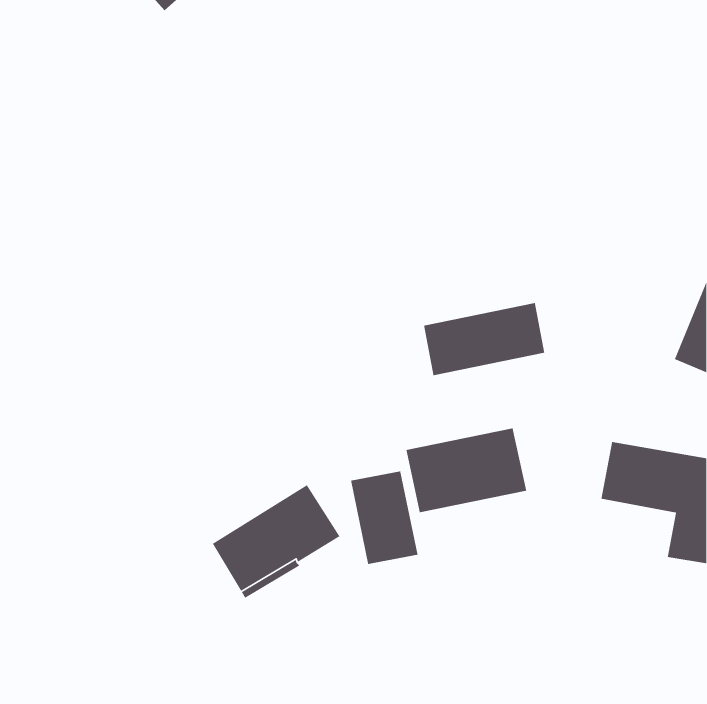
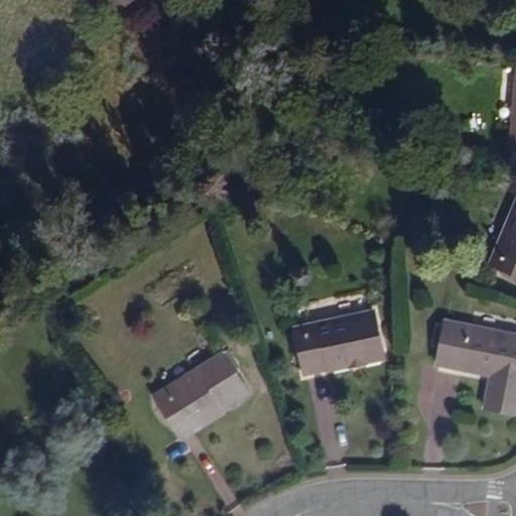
building: [423,302,545,376] -> none
building: [350,470,418,565] -> none

